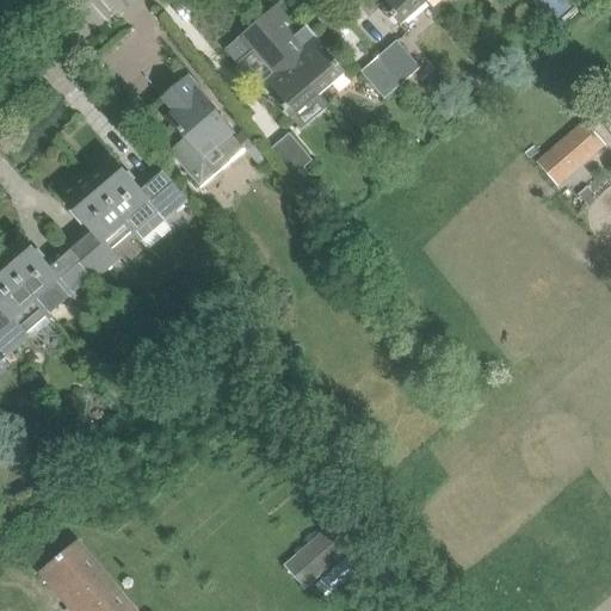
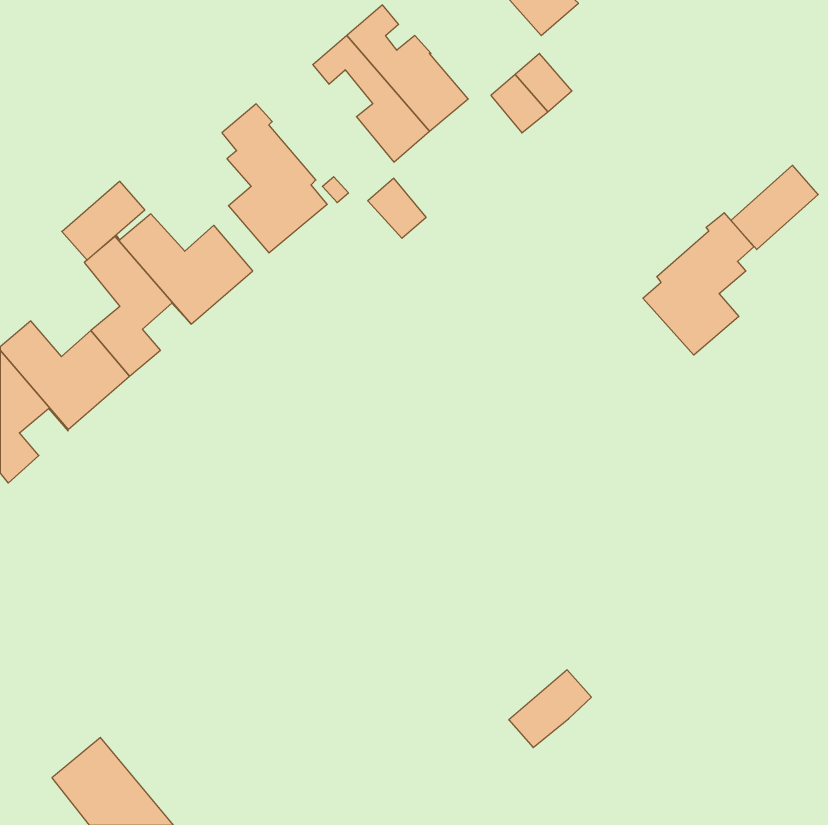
building: none -> [62,181,145,260]
building: none -> [643,213,754,355]
building: [288,527,348,585] -> [509,670,591,748]

